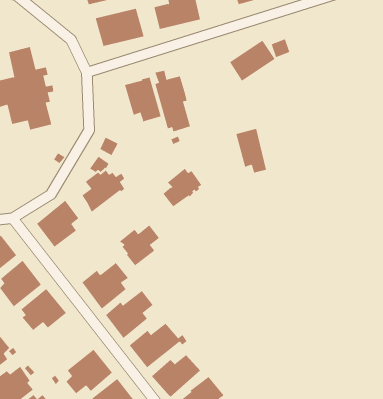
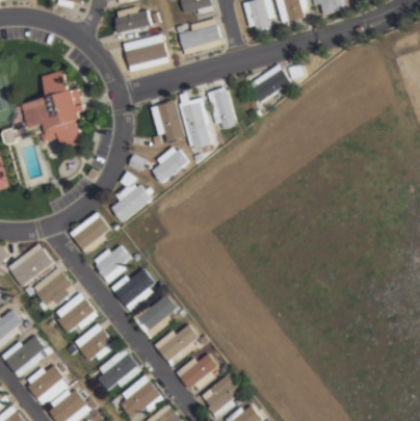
building: [235,128,267,173] -> [206,86,235,128]
building: [163,168,202,207] -> [152,146,188,182]
building: [119,224,160,266] -> [93,244,130,283]
building: none -> [73,323,112,361]

